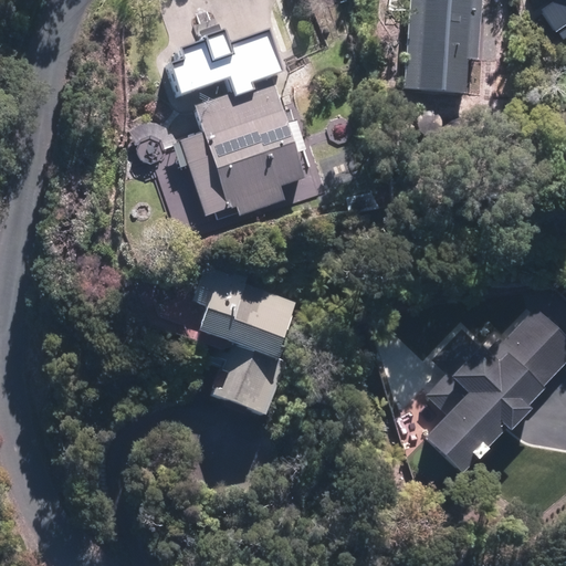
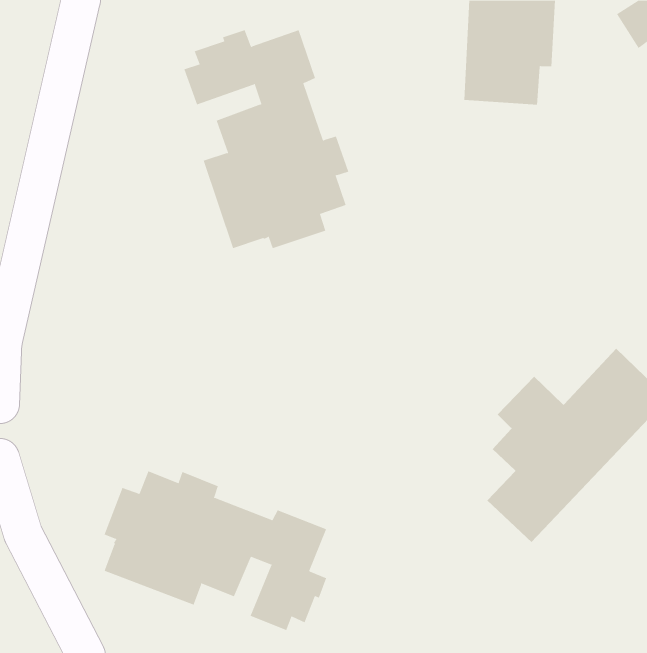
building: [196,264,292,415] -> none
building: none -> [104,471,327,631]

